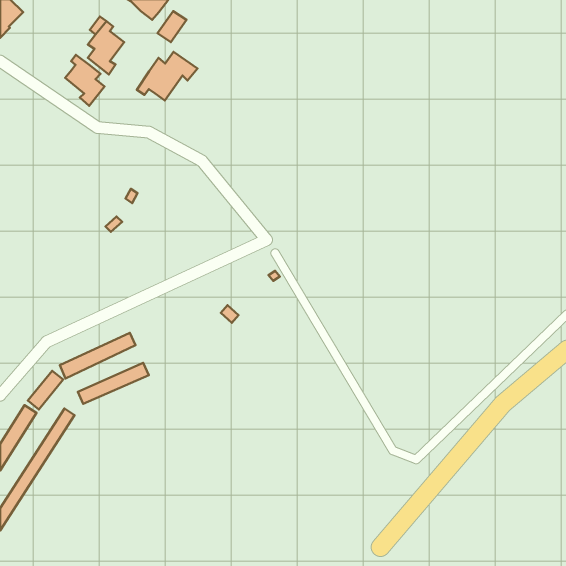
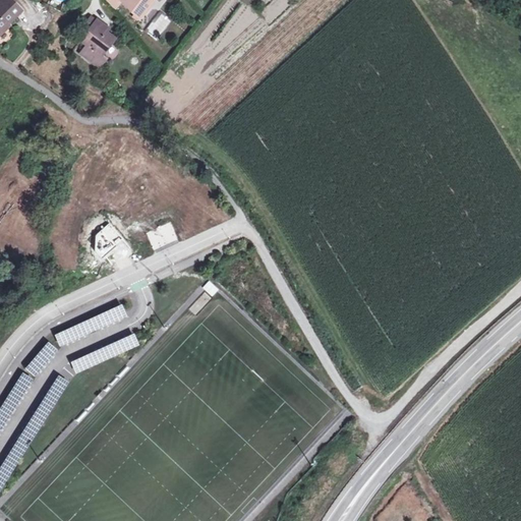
building: [137,52,197,101] -> none
building: [65,55,104,106] -> none

